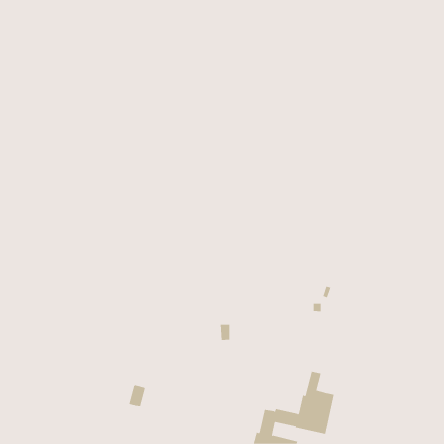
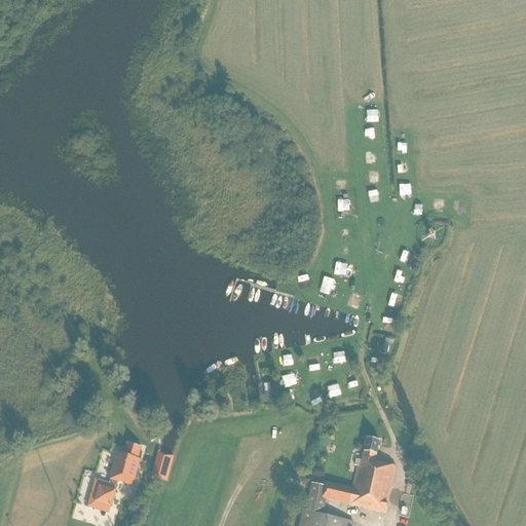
building: none -> [87,444,141,510]

